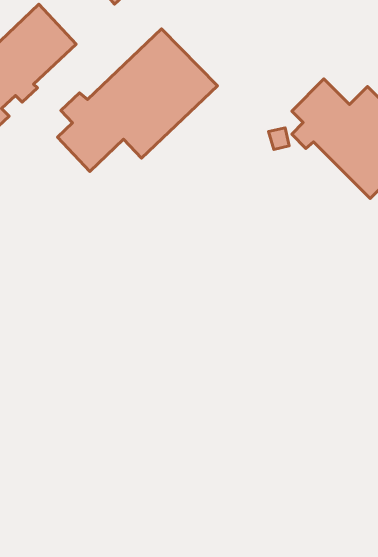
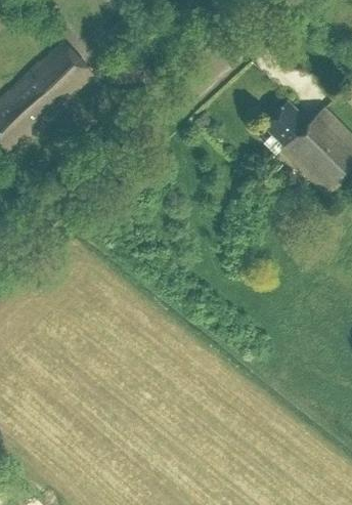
building: [57,29,217,171] -> none

